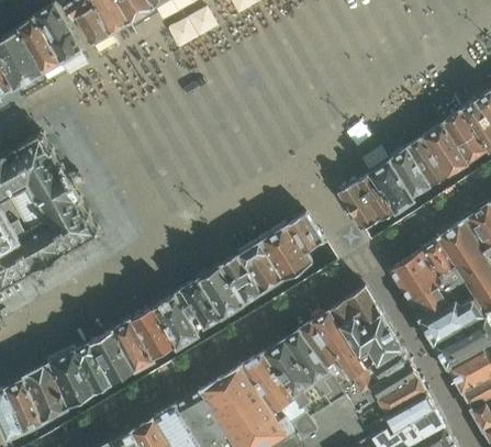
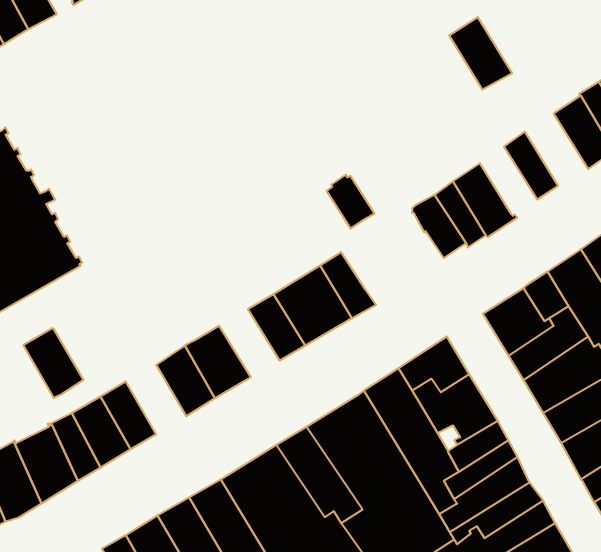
building: [422,124,468,177] -> [449,17,512,90]
building: [389,148,431,198] -> none
building: [288,213,323,253] -> [326,174,375,229]
building: [199,266,243,316] -> none
building: [131,308,175,358] -> [23,329,84,398]

